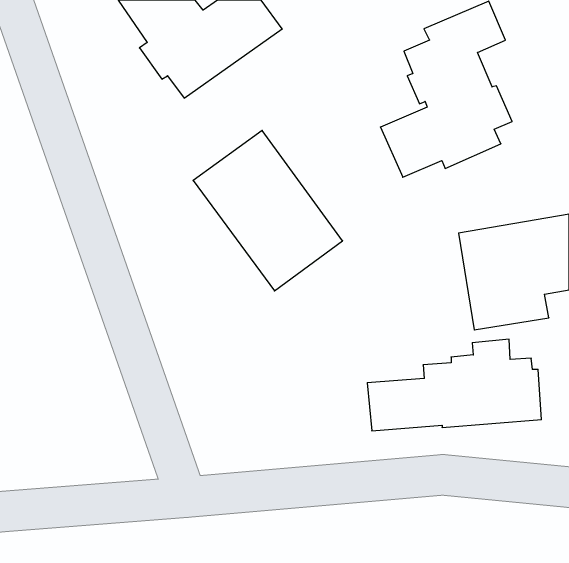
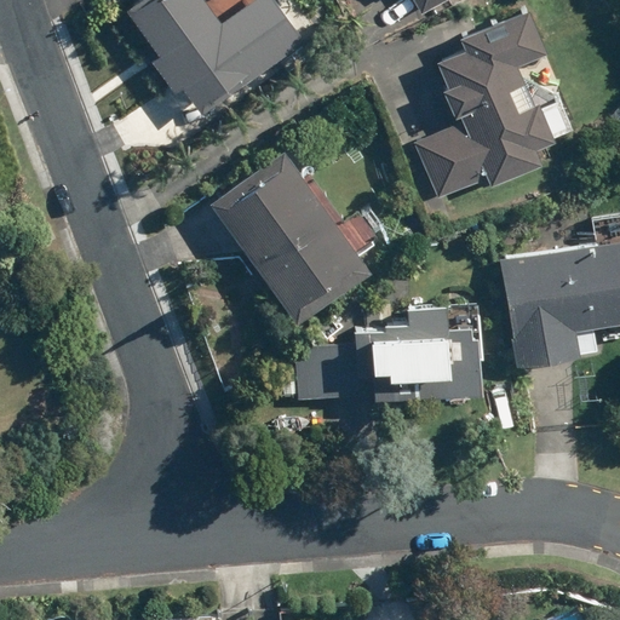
building: [367,339,541,431] -> [293,303,482,402]

